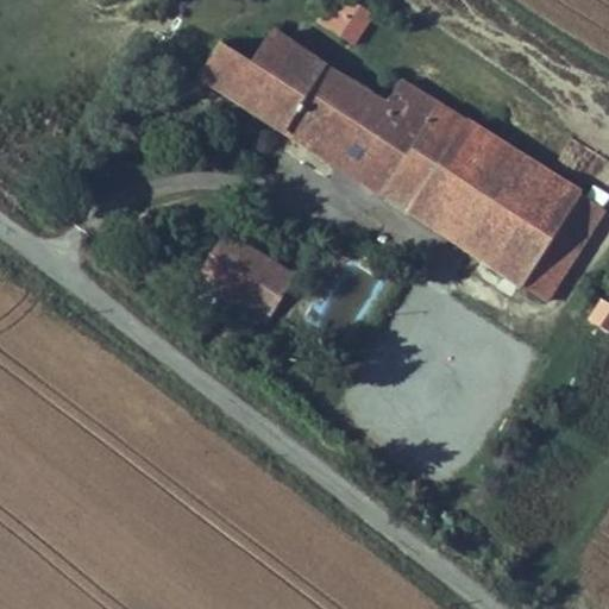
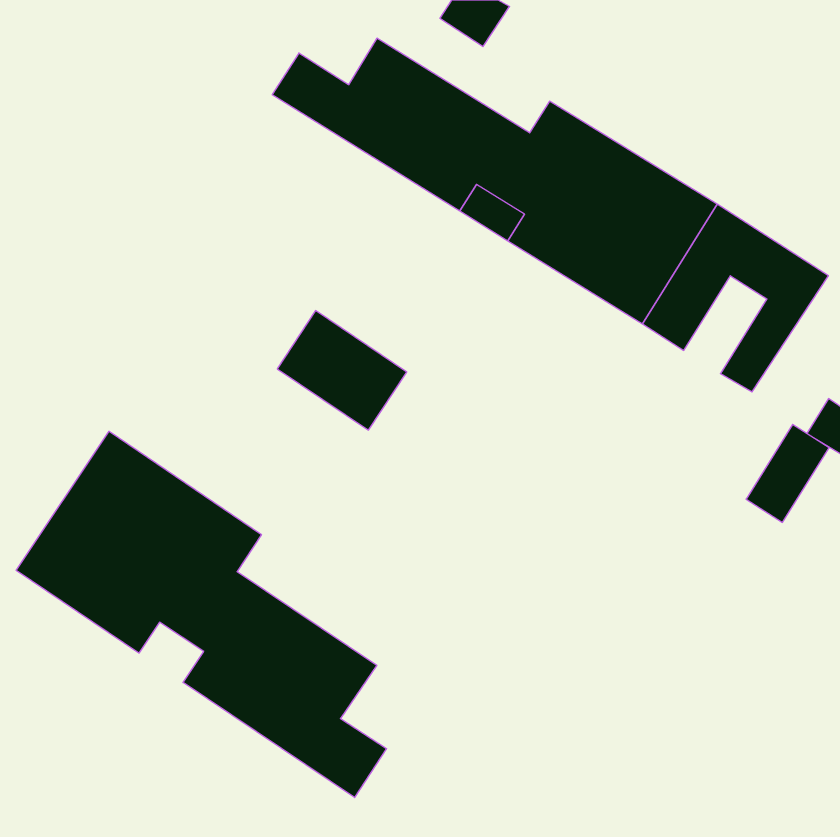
building: [496,206,555,276] -> [746,424,829,522]
building: none -> [16,431,387,798]

